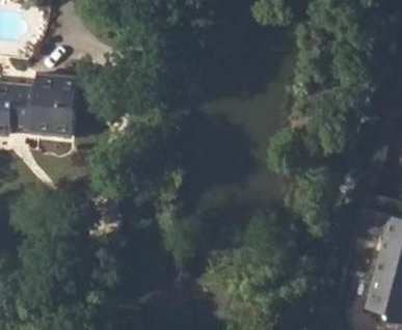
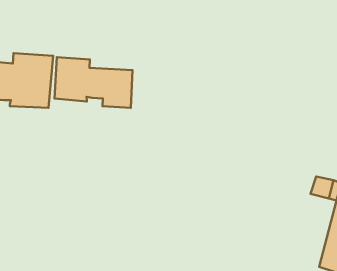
building: none -> [55,57,132,108]

